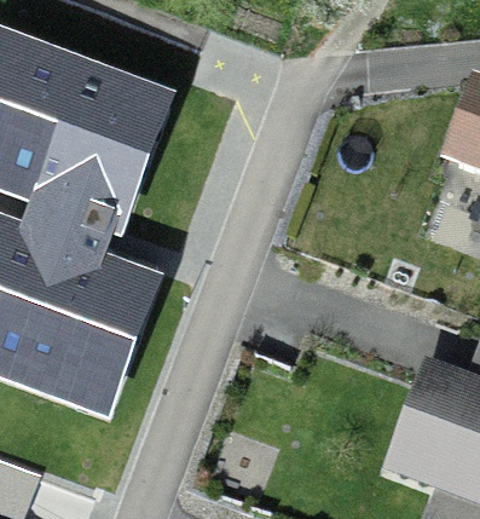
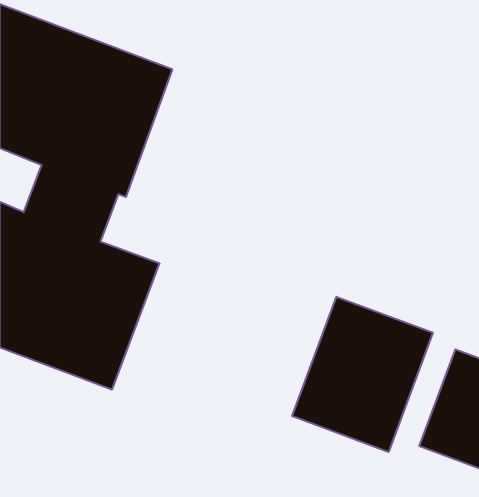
building: none -> [292,297,433,452]

